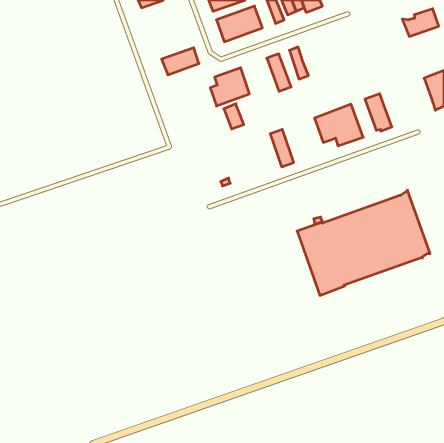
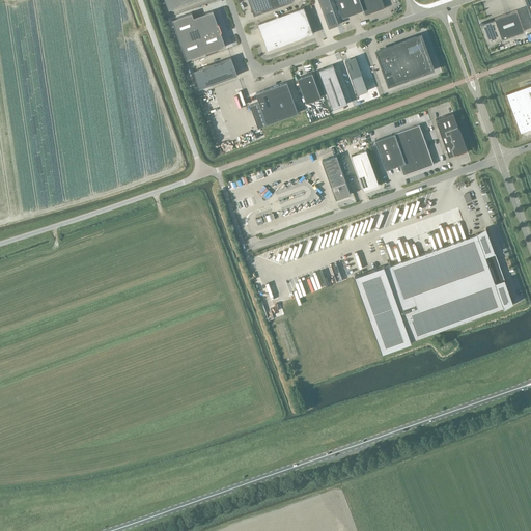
building: none -> [172,11,226,61]
building: none -> [376,36,434,86]
building: [224,104,244,129] -> [298,73,322,103]
building: none -> [352,150,379,190]

